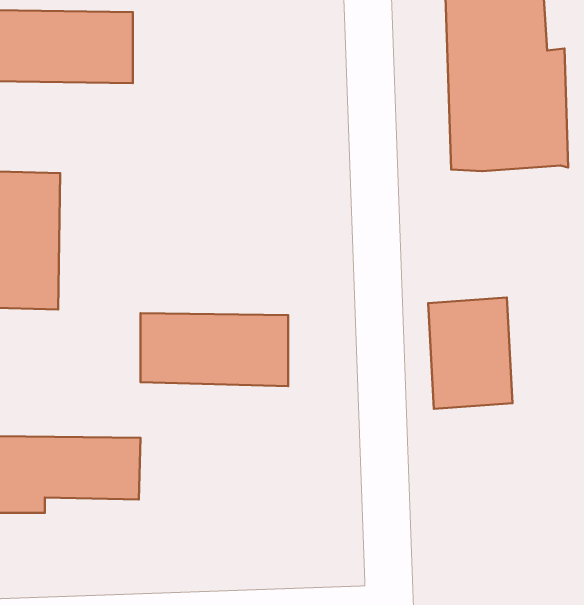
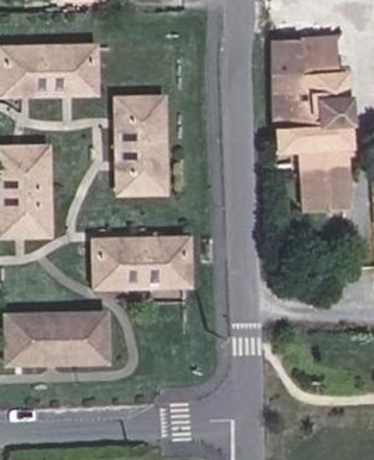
building: none -> [120,97,166,188]
building: [428,298,513,409] -> [308,145,361,215]
building: none -> [37,315,108,362]

